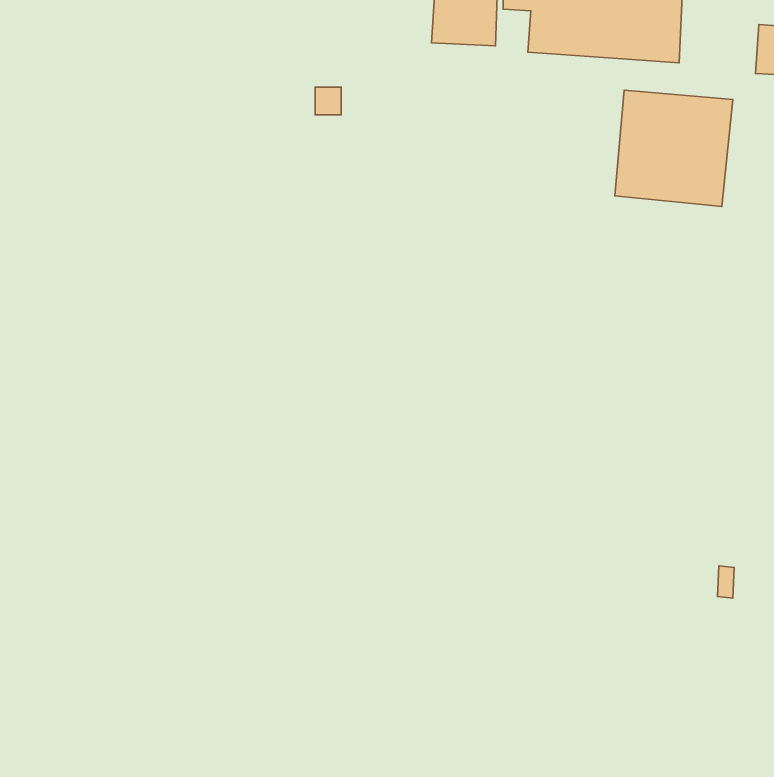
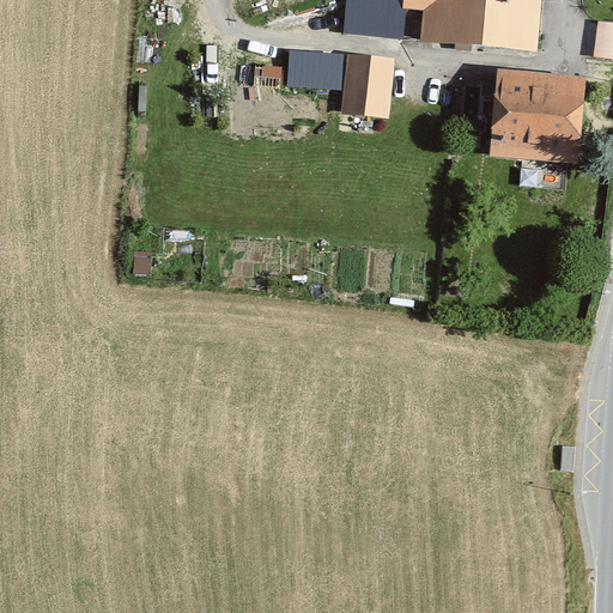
building: none -> [293,47,338,77]
building: none -> [340,54,395,115]

